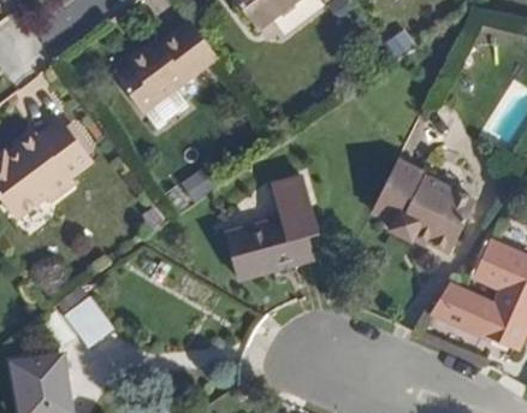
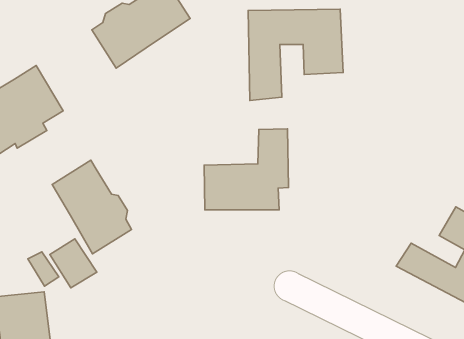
building: none -> [248,9,343,100]
building: [369,155,472,249] -> none
building: none -> [52,160,132,254]

